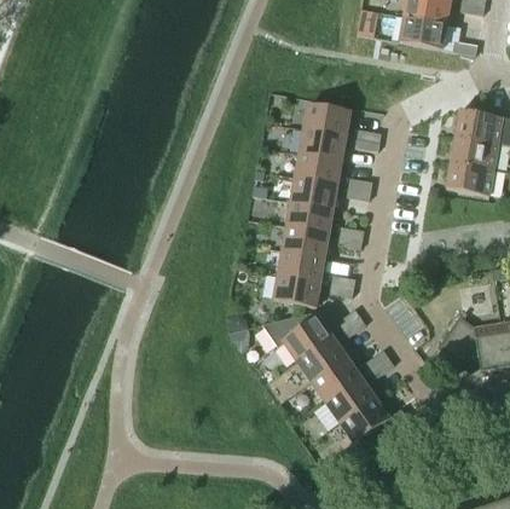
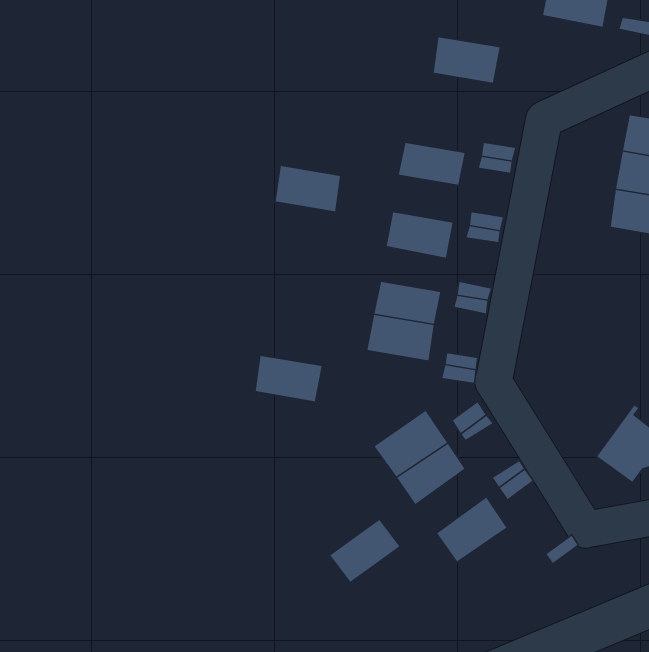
building: [305,103,352,135] -> [433,37,501,83]
building: [296,151,342,184] -> [275,165,341,212]
building: [288,201,334,232] -> none
building: [274,273,321,306] -> [255,355,322,402]
building: [312,355,361,400] -> [329,519,400,583]
building: [341,397,390,441] -> none

